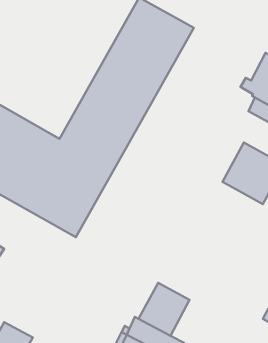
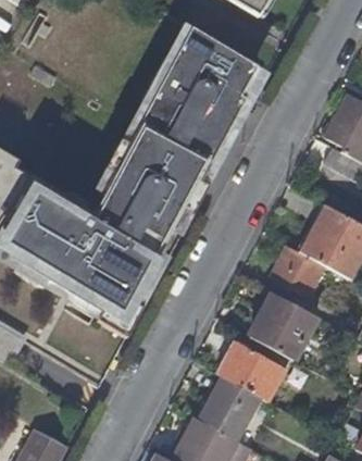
building: none -> [269,247,325,299]
building: none -> [250,295,317,361]
building: none -> [216,340,285,402]

